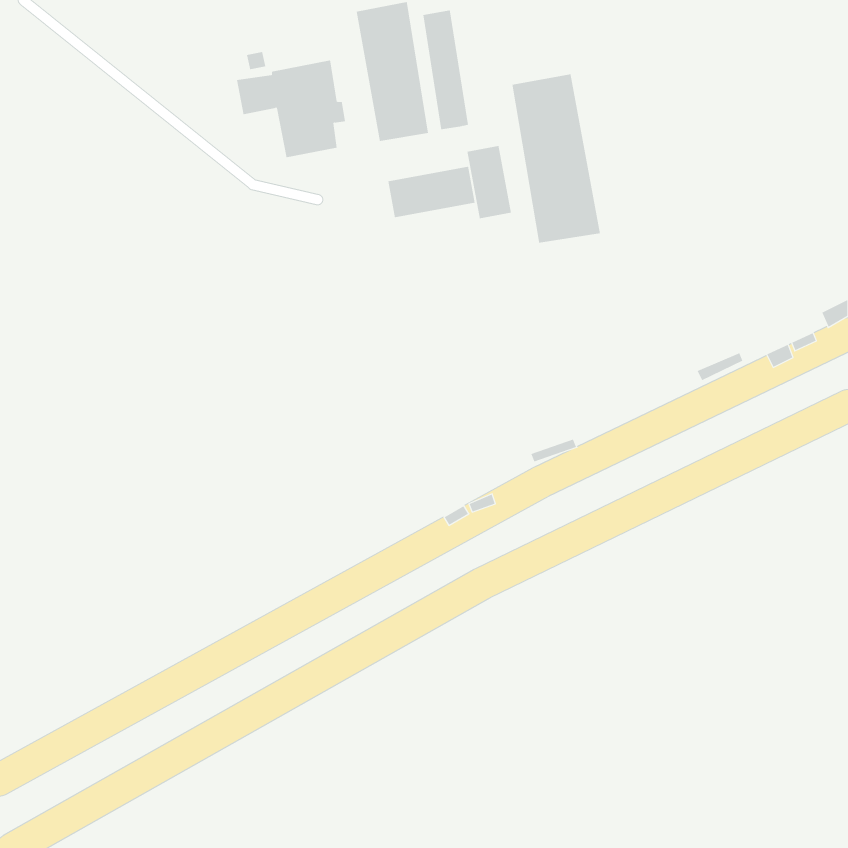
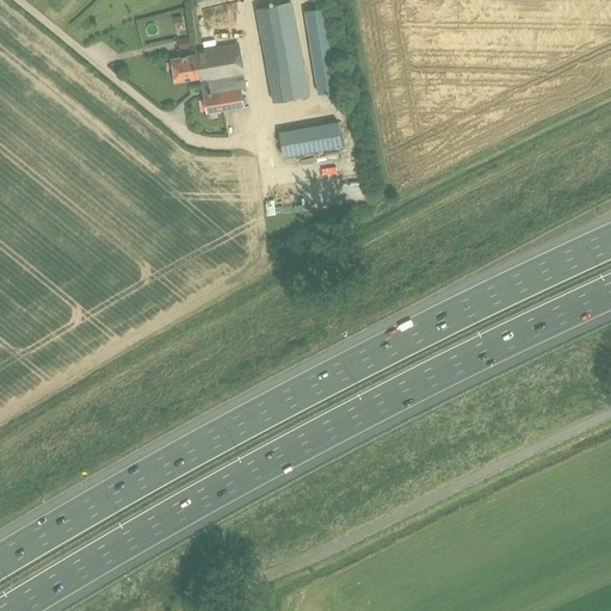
building: [512,73,601,243] -> none
building: [467,145,511,219] -> none

